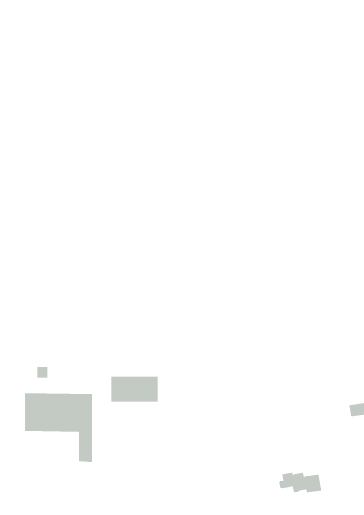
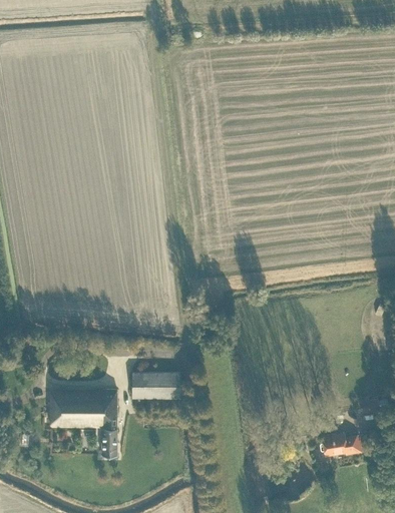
building: [278,472,322,493] -> [319,434,361,454]

